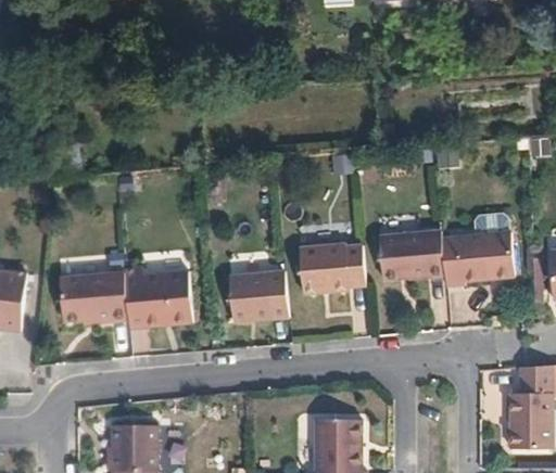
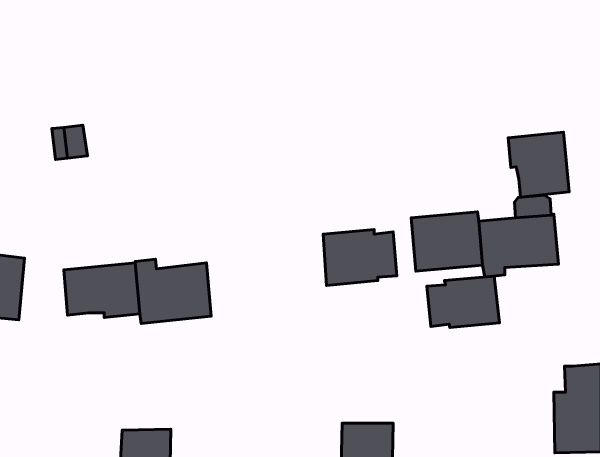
building: none -> [508,132,569,197]
building: [230,273,290,323] -> none
building: none -> [427,276,500,327]

